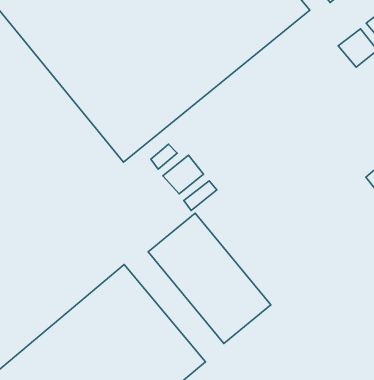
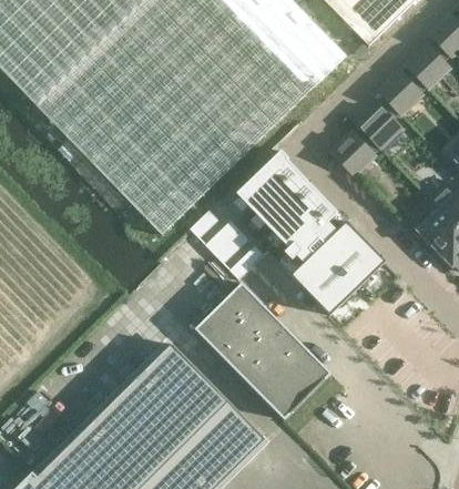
building: none -> [360,106,401,147]
building: none -> [333,133,375,174]
building: none -> [239,155,388,313]

